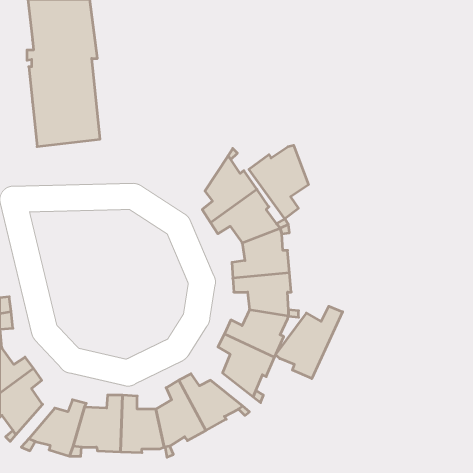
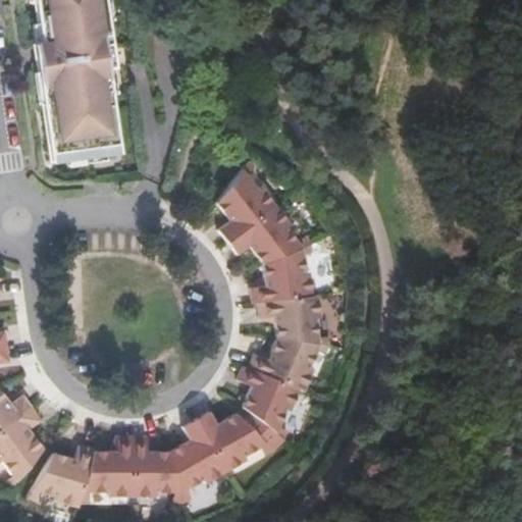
building: [249,145,308,219] -> none
building: [276,306,343,379] -> none

